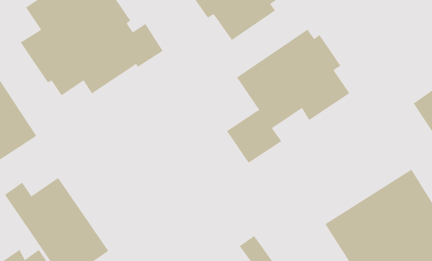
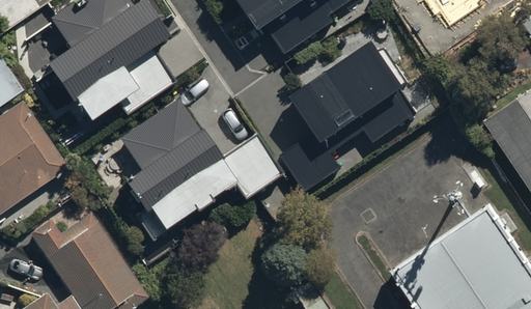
building: none -> [120,102,283,245]

